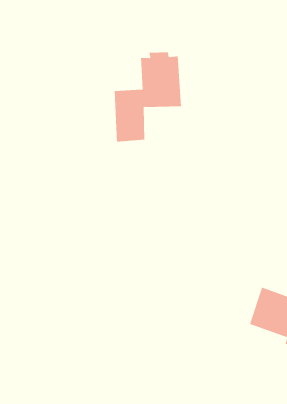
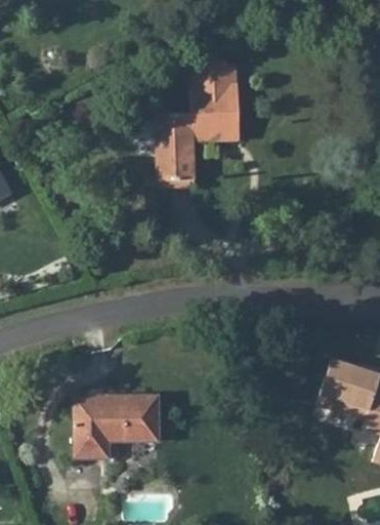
building: none -> [74,399,160,460]

